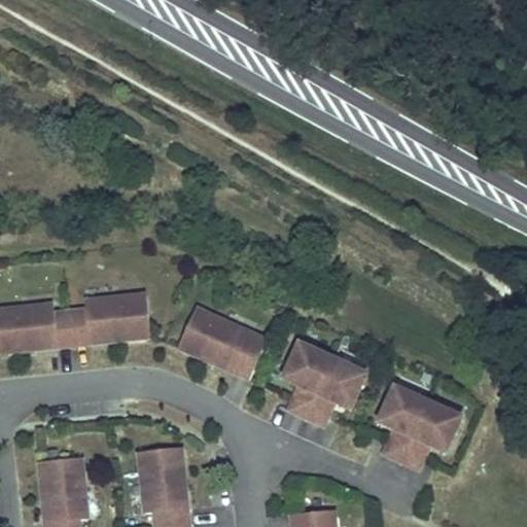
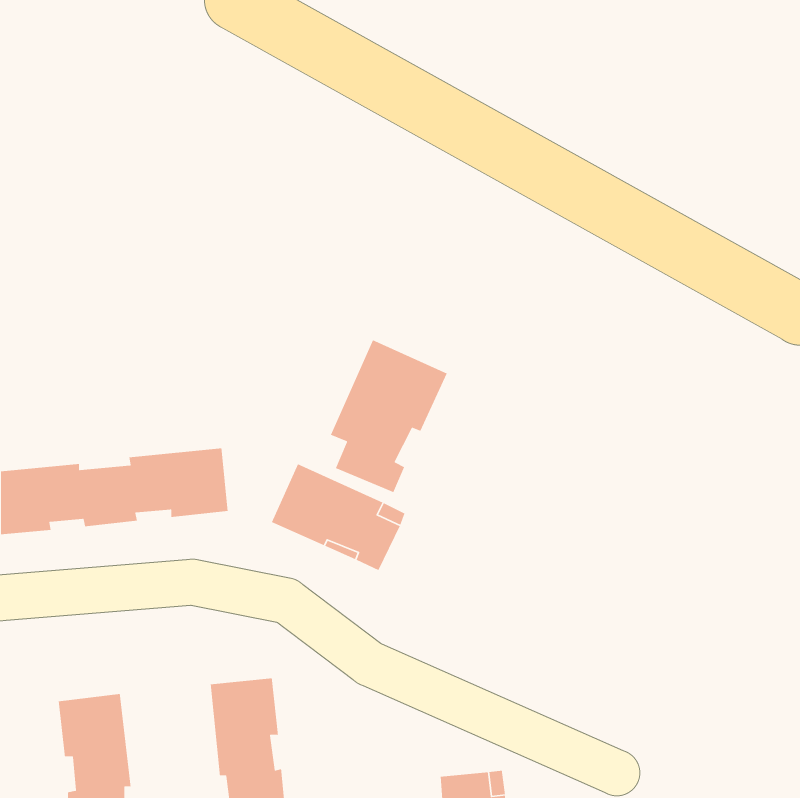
building: none -> [330,339,448,493]
building: [283,341,366,425] -> none
building: [379,384,461,468] -> none

